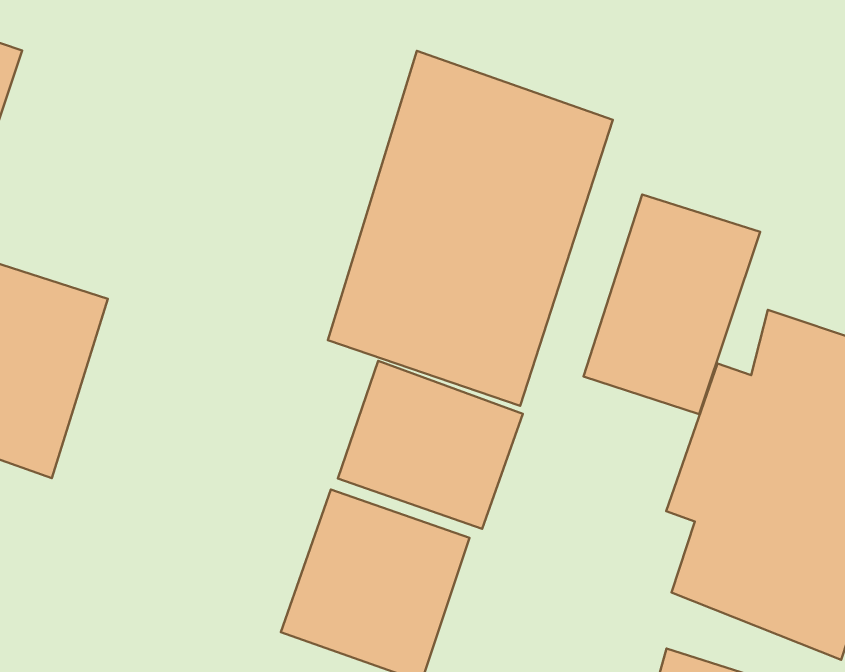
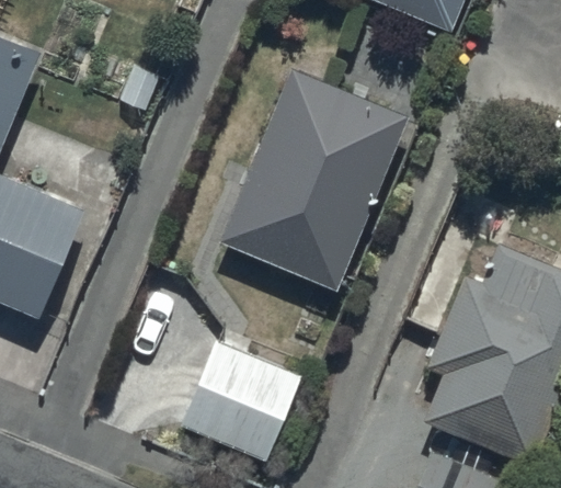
building: [583,195,760,414] -> none
building: [338,361,523,529] -> none

